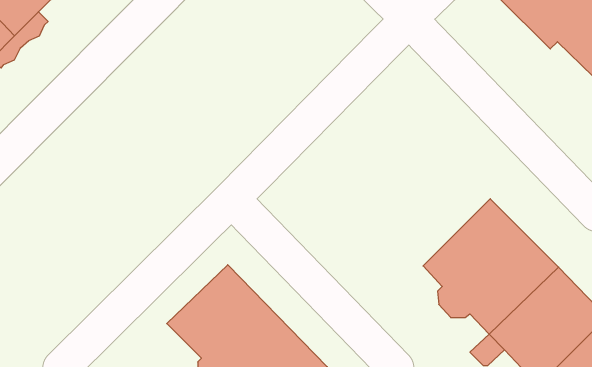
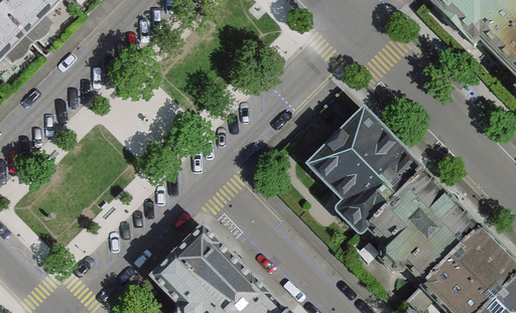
building: none -> [307,110,422,231]

